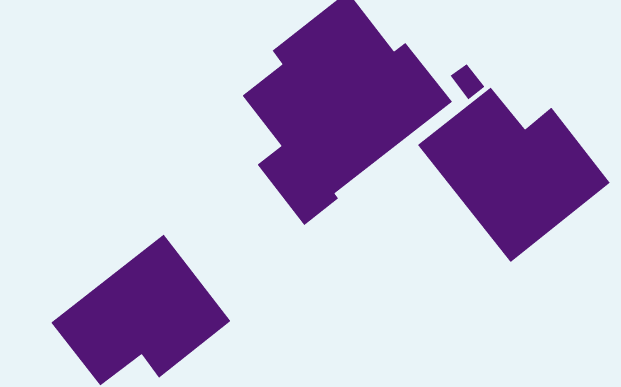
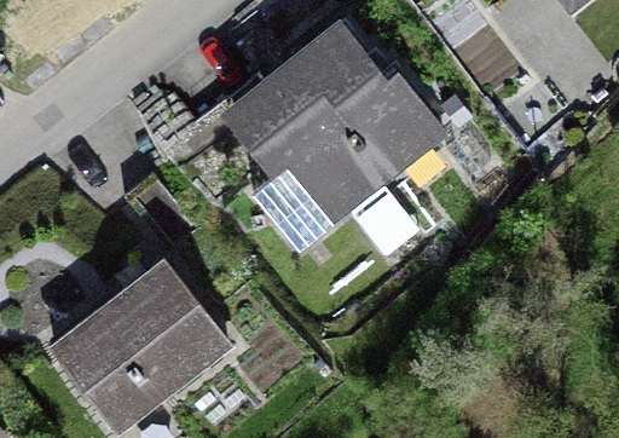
building: [417,87,611,263] -> none

